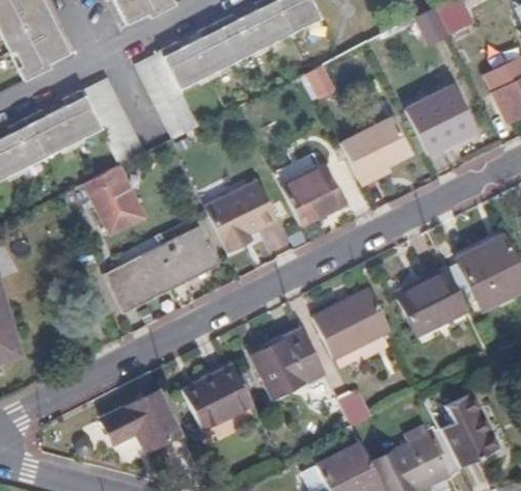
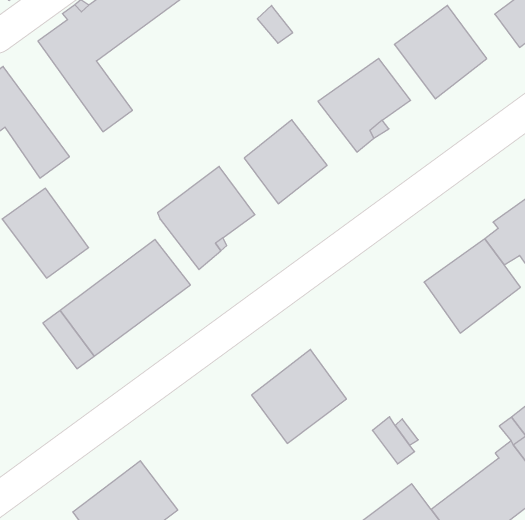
building: [313,289,391,357] -> none
building: [184,364,256,431] -> none

